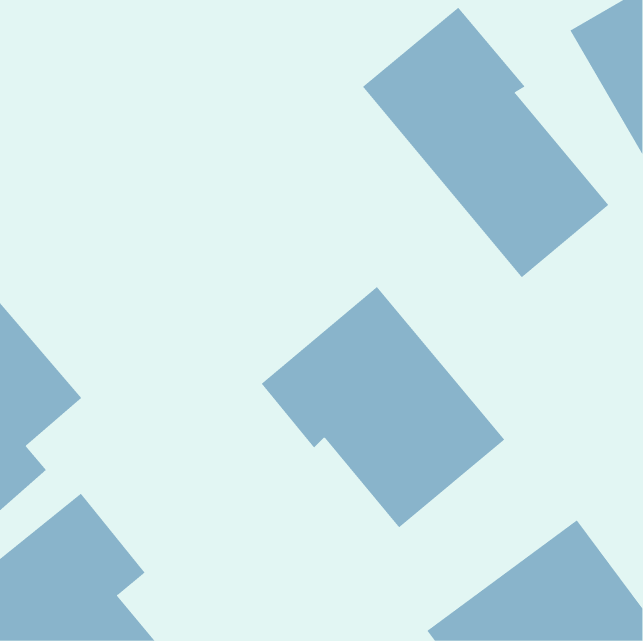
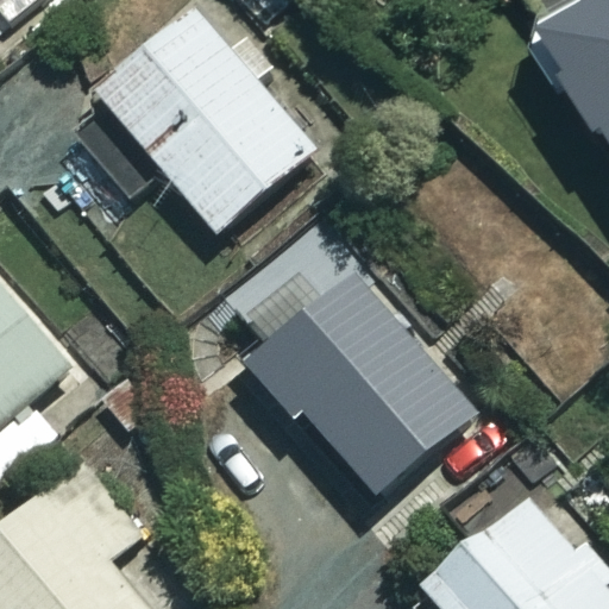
building: [362,7,609,278] -> none
building: none -> [96,8,314,233]

